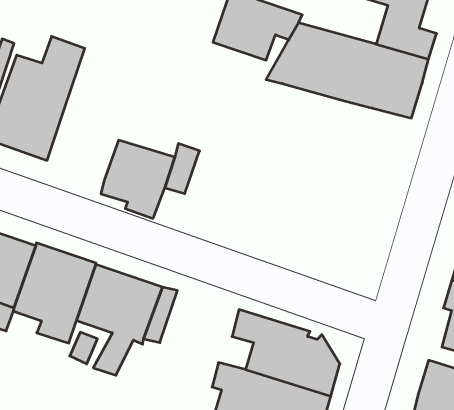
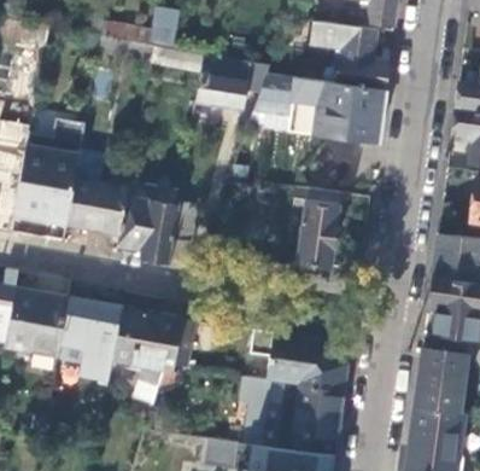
building: none -> [68,178,128,234]
building: none -> [292,187,340,267]

